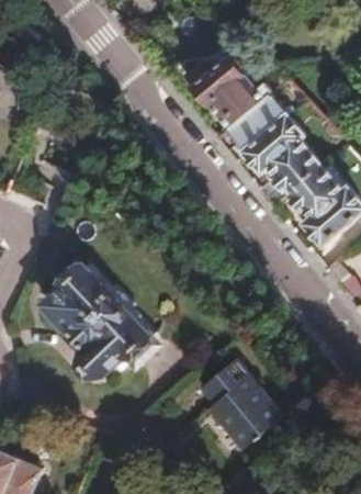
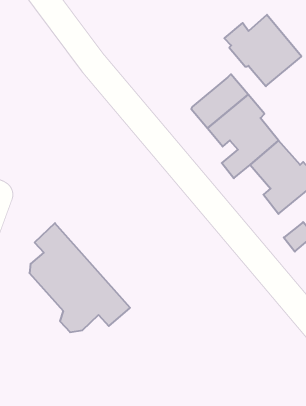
building: [181,53,264,130] -> [224,15,301,86]
building: [205,356,286,446] -> none

